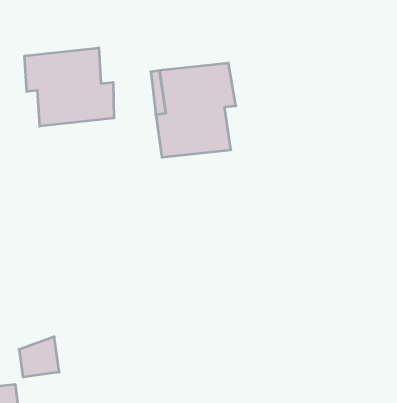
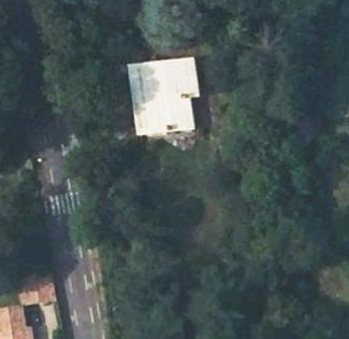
building: [25,48,114,126] -> none

